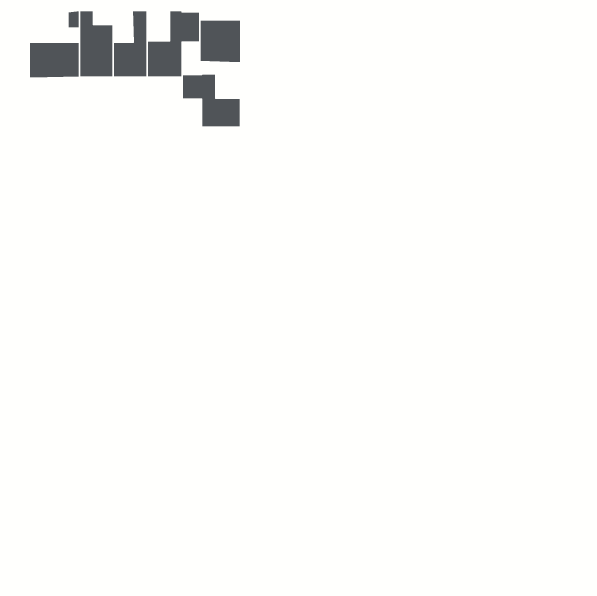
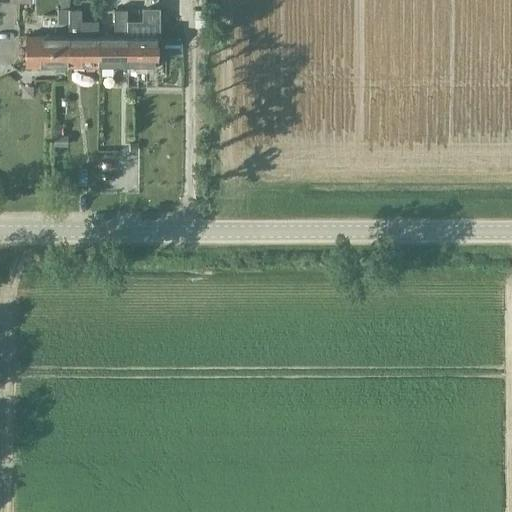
building: [200,20,241,63] -> none
building: [182,74,240,127] -> none

